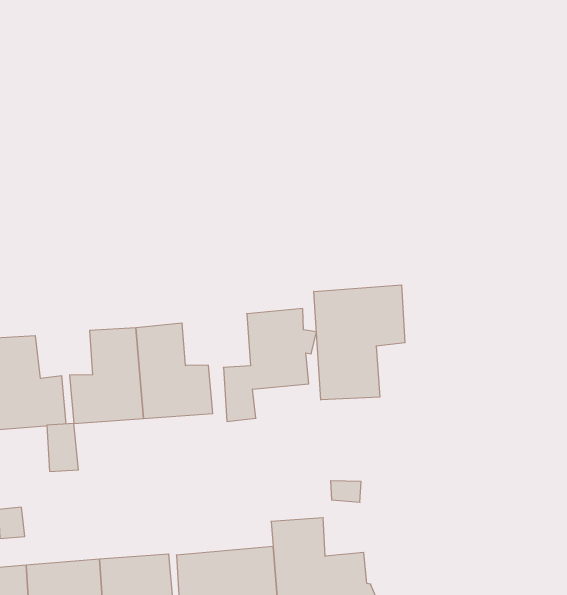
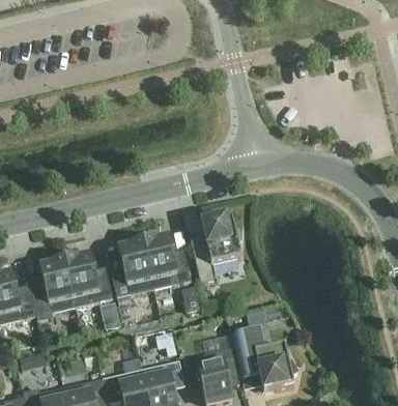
building: [314,285,405,400] -> none

